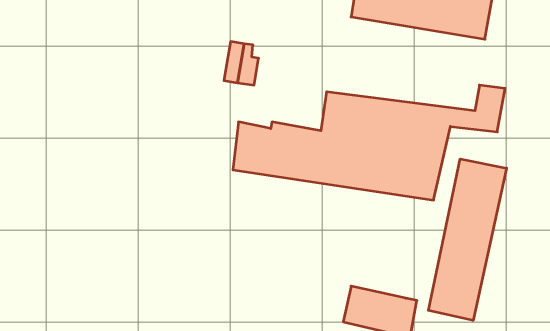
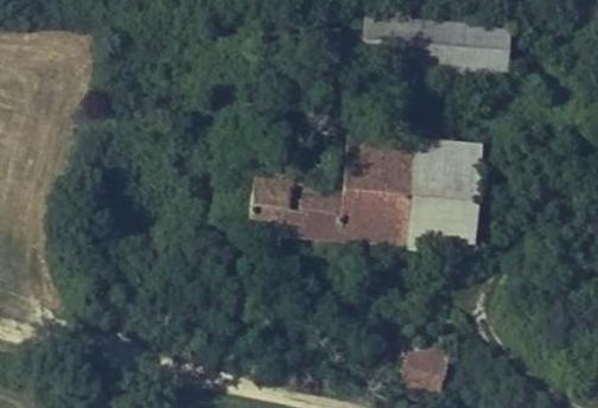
building: [428,159,507,320] -> none

